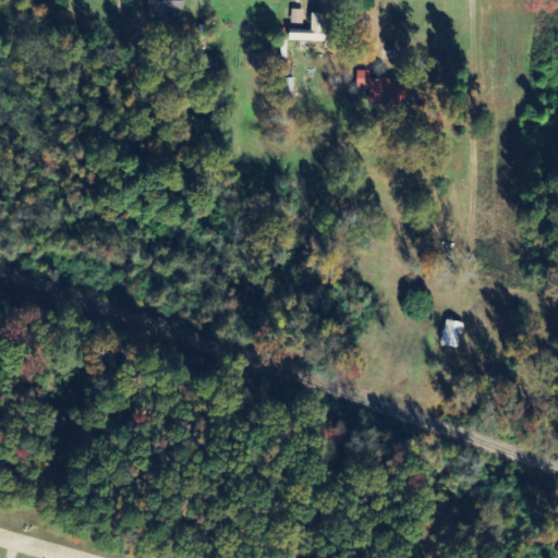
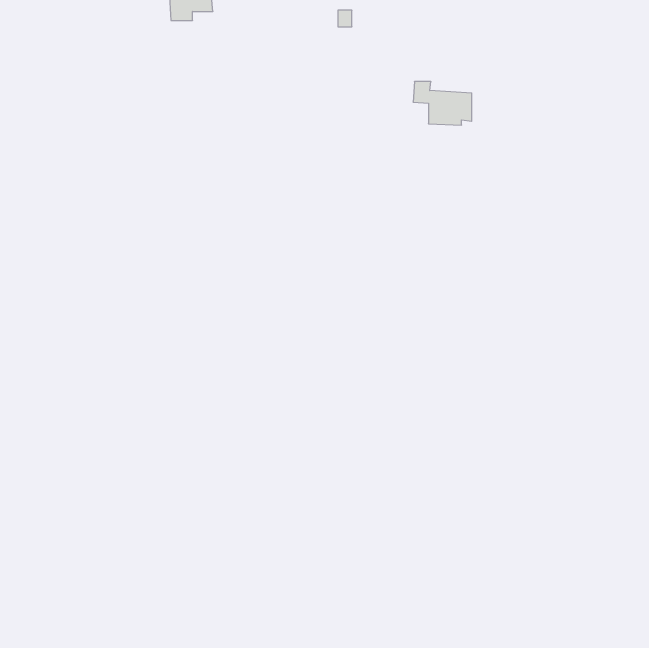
building: [288,12,325,40] -> none
building: [439,318,463,348] -> none

